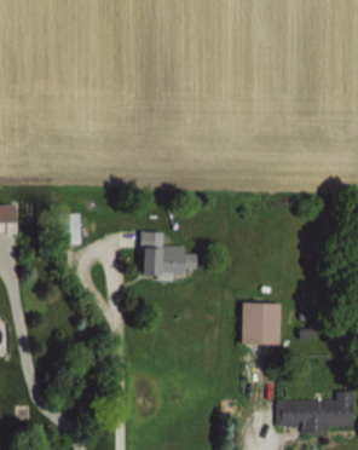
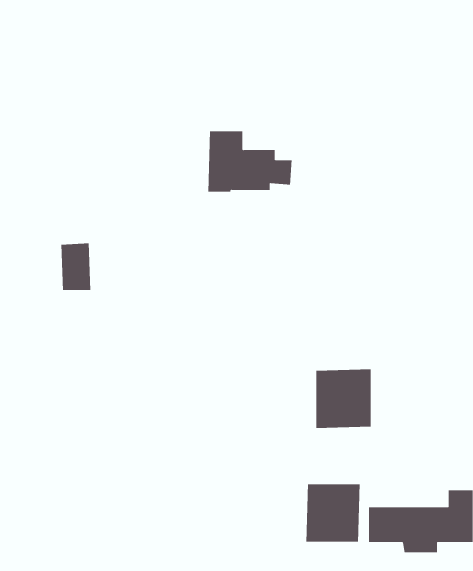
building: [138,231,198,275] -> [208,131,292,192]
building: none -> [306,483,360,542]

